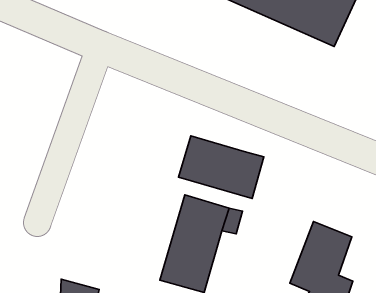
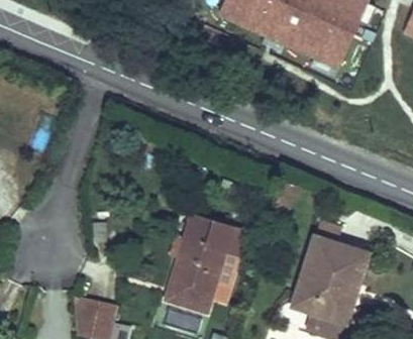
building: [179,136,264,198] -> none

